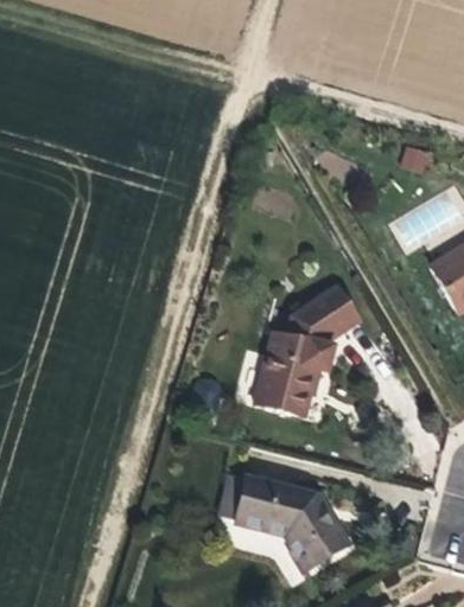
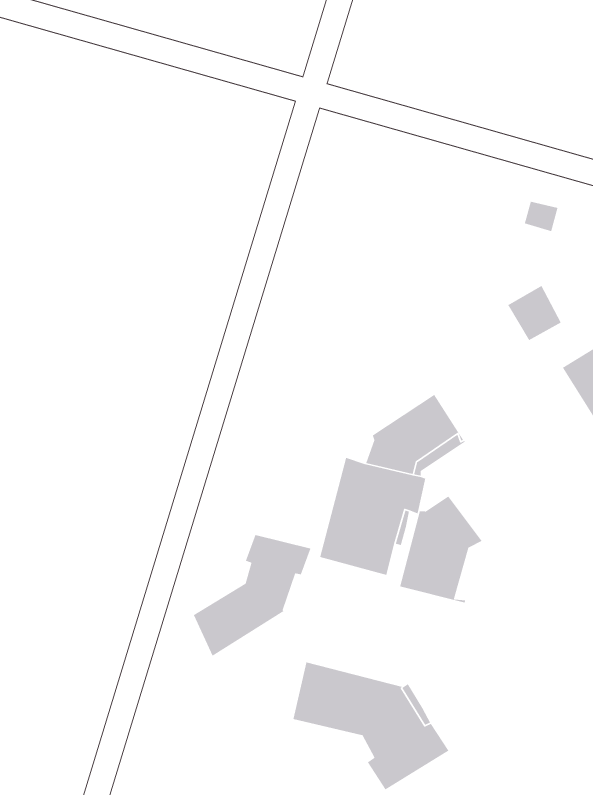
building: none -> [399,495,483,604]
building: none -> [193,534,311,657]

